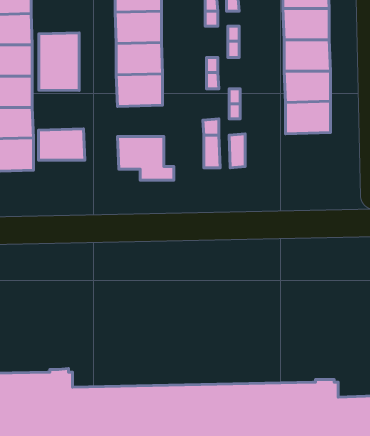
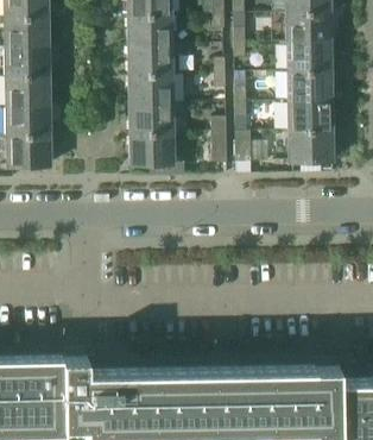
building: [39,33,79,91] -> none
building: [38,129,85,160] -> [131,101,175,131]
building: none -> [290,127,334,158]

